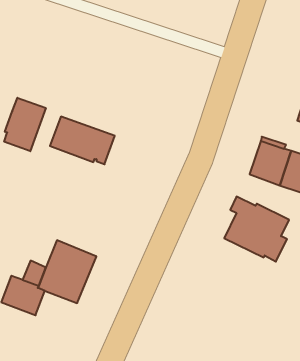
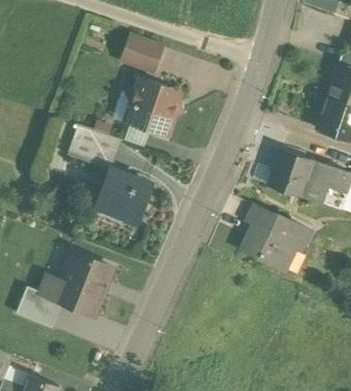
building: none -> [122,35,162,71]
building: none -> [127,80,181,132]
building: [4,98,46,151] -> none
building: none -> [96,168,151,220]

